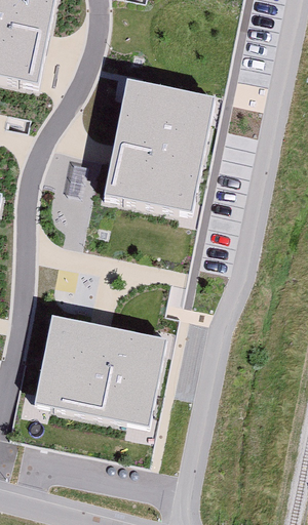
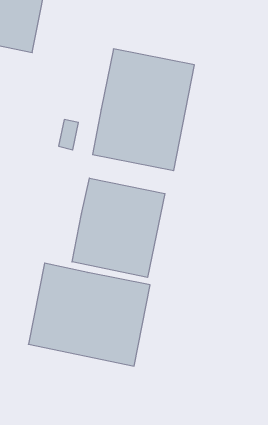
building: none -> [72,178,165,277]

